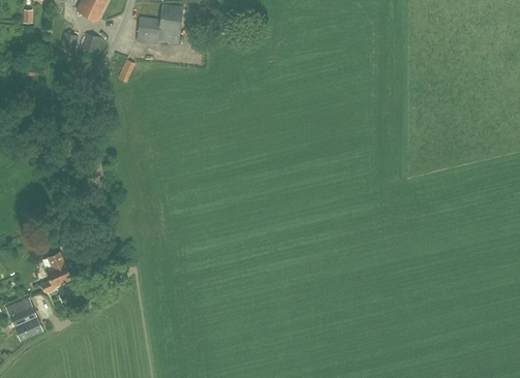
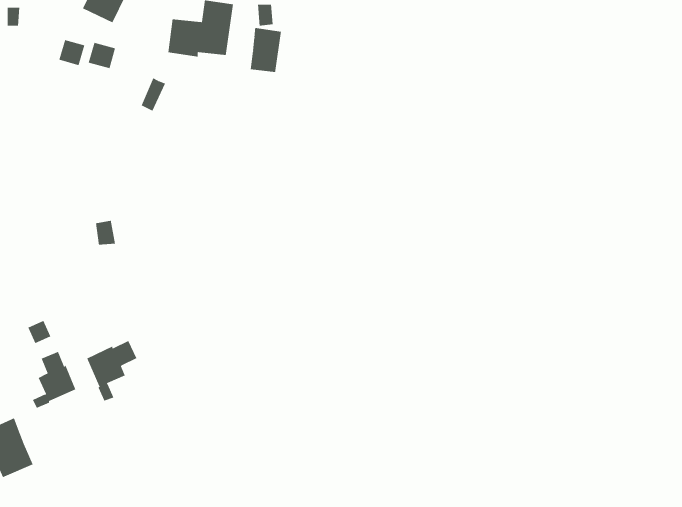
building: none -> [250,27,282,73]
building: none -> [86,340,137,402]

